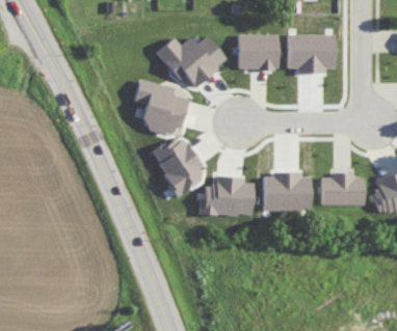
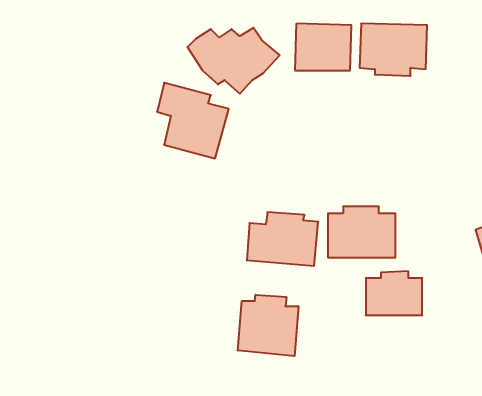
building: [152,135,206,194] -> none
building: [321,172,364,205] -> [366,271,422,315]
building: none -> [238,295,299,356]

